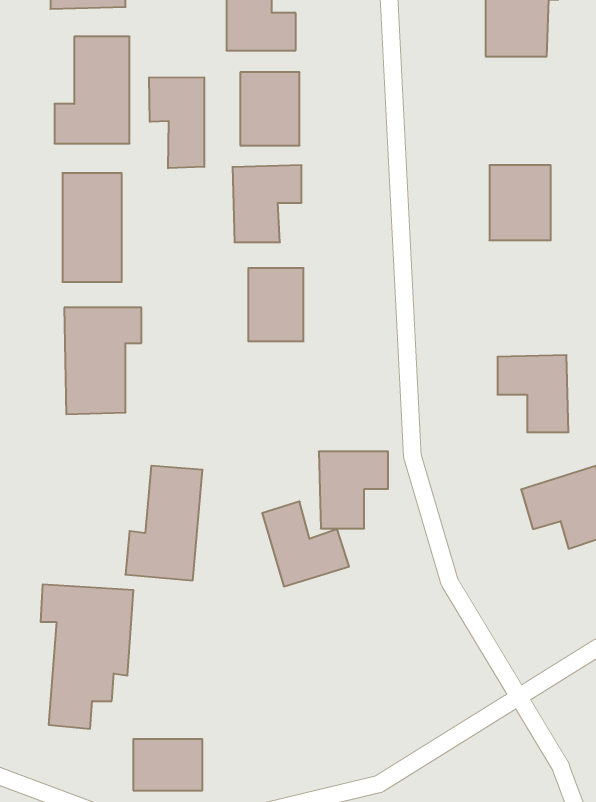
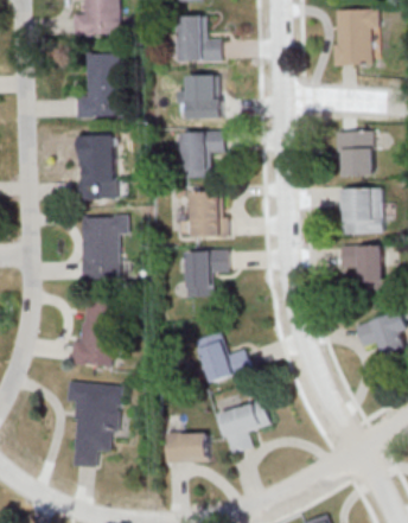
building: [149,77,204,168] -> none
building: none -> [339,187,382,234]
building: [319,451,388,528] -> [185,250,227,296]
building: [125,466,203,580] -> [70,299,116,368]
building: none -> [219,401,269,453]
building: [133,739,202,790] -> [165,432,206,463]

